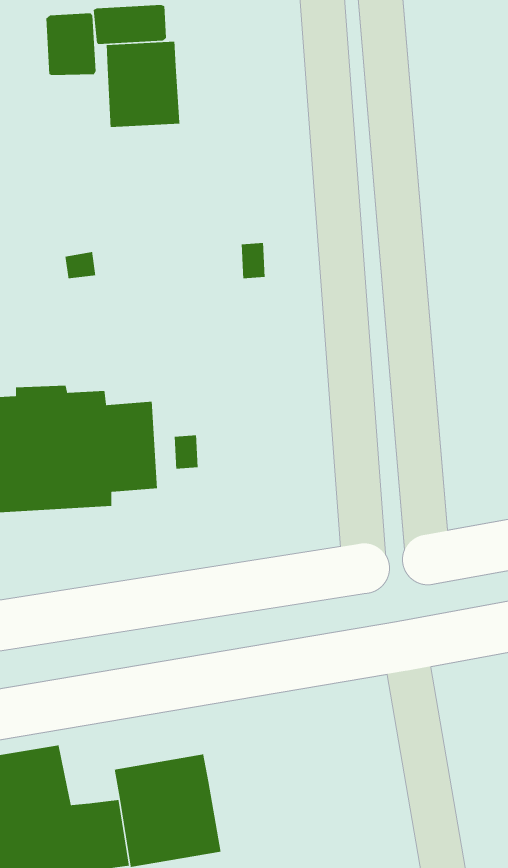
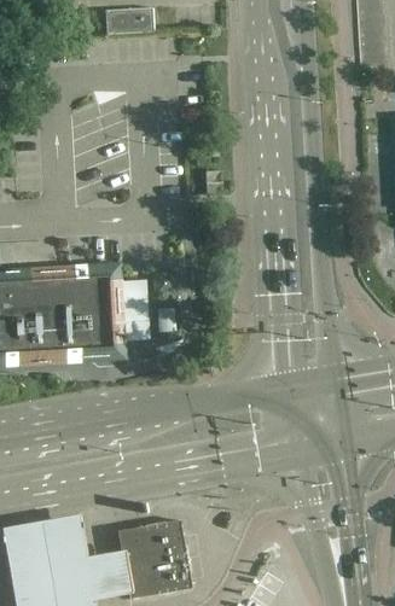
building: [45,13,96,76] -> none
building: [106,41,181,128] -> none

